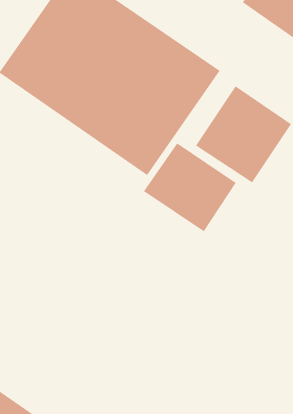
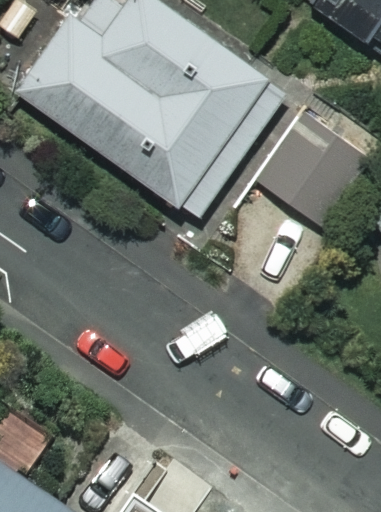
building: [143,142,237,232] -> none

